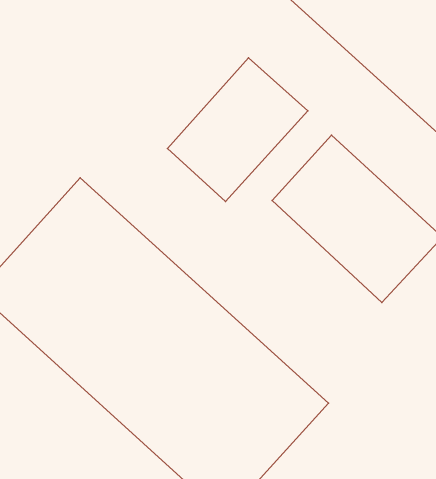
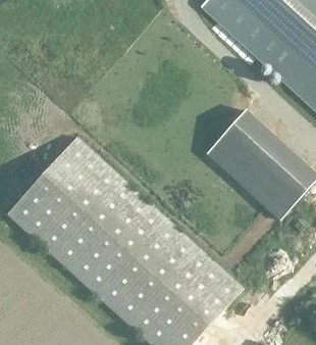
building: [168,58,308,202] -> none

